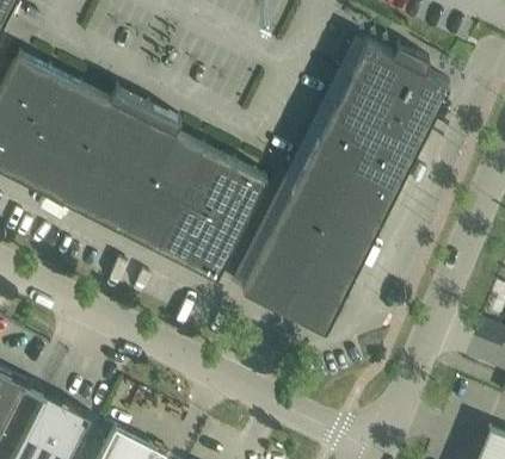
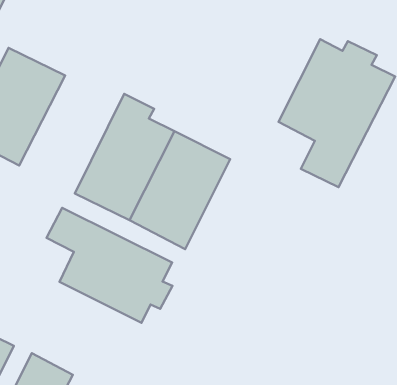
building: [31,85,148,216] -> none
building: [241,136,387,331] -> none
building: none -> [46,208,172,323]

